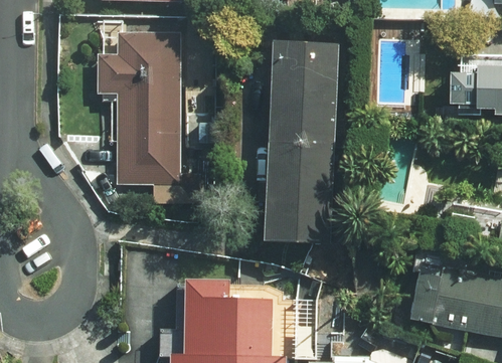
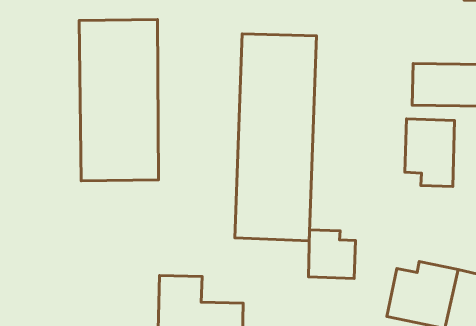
building: none -> [405,119,455,187]
building: none -> [309,230,356,279]

